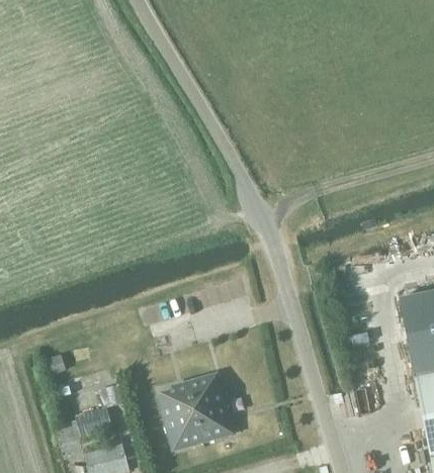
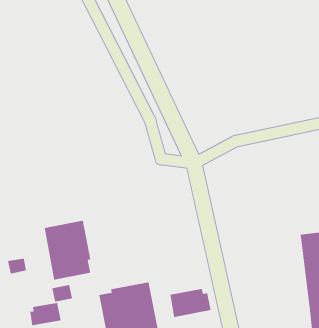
building: none -> [44,220,91,280]
building: none -> [170,288,211,318]

